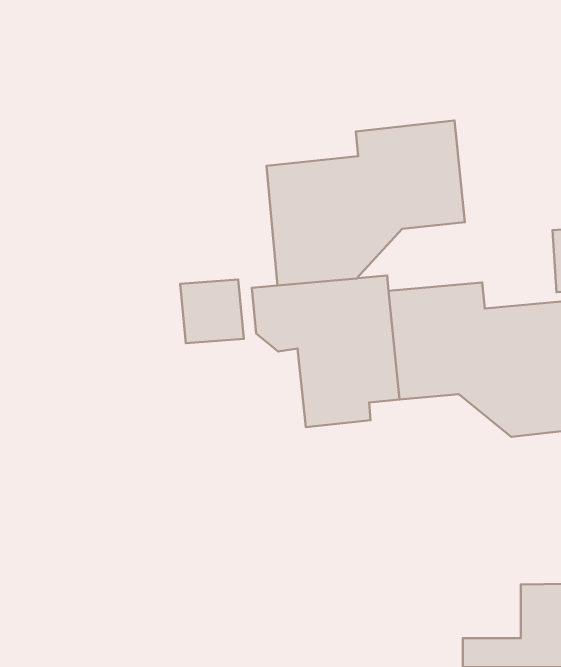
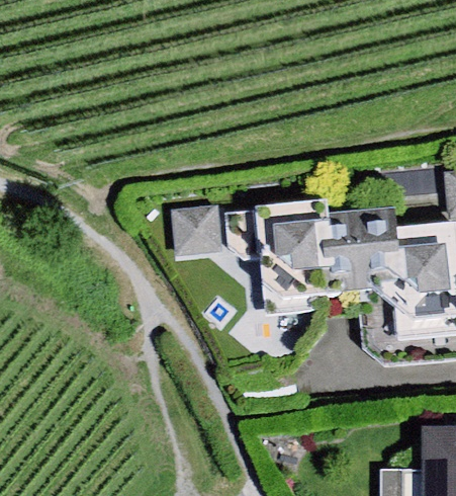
building: [266,121,465,286] -> none

